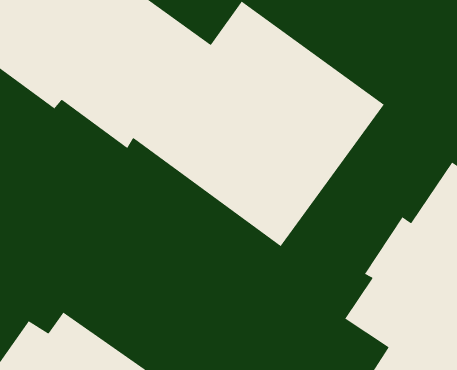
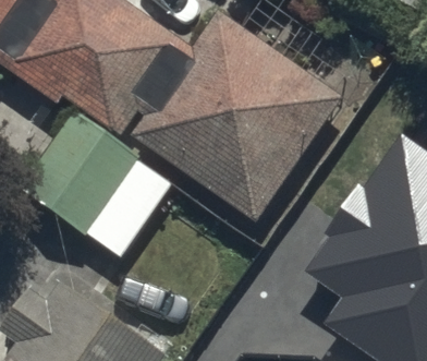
building: none -> [17,110,142,238]

